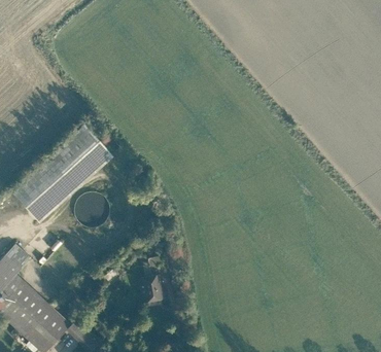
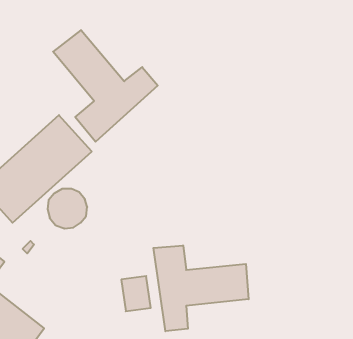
building: none -> [53,30,158,142]
building: none -> [153,245,249,331]

